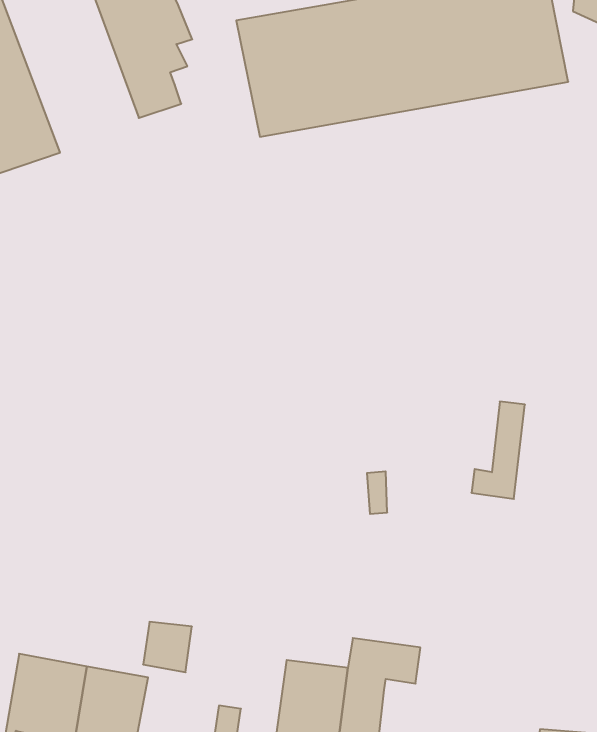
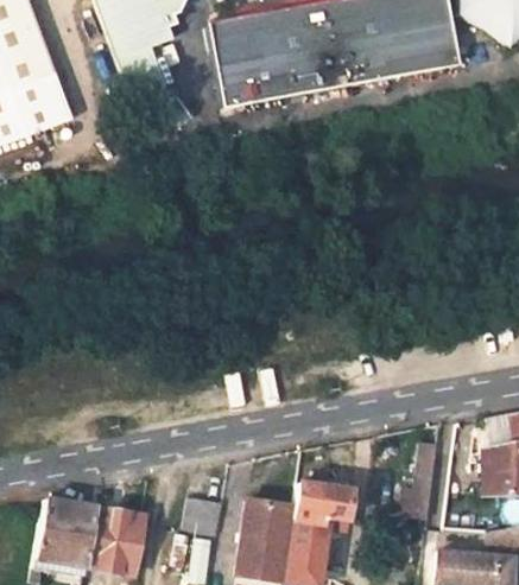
building: [471,402,525,499] -> [395,443,436,516]
building: [143,622,192,672] -> [186,495,223,533]

